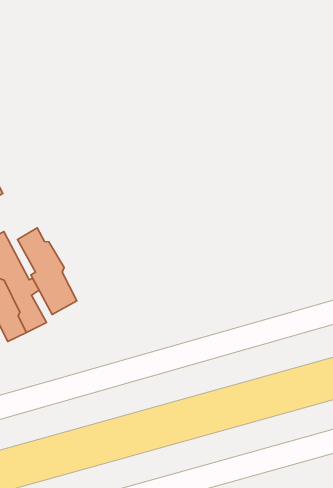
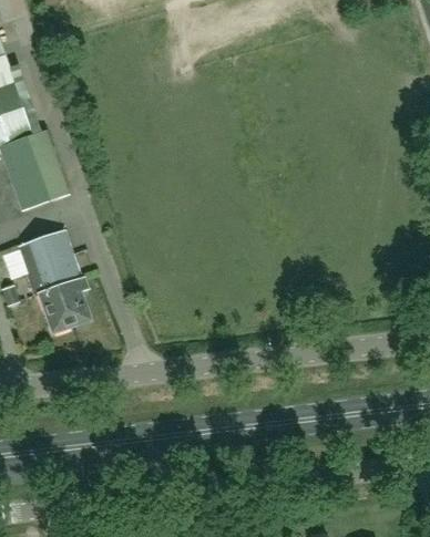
building: [17,228,77,314] -> none

